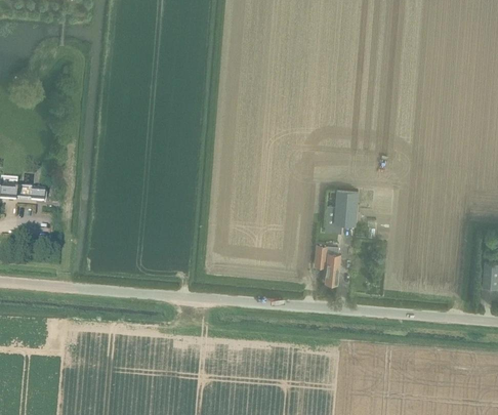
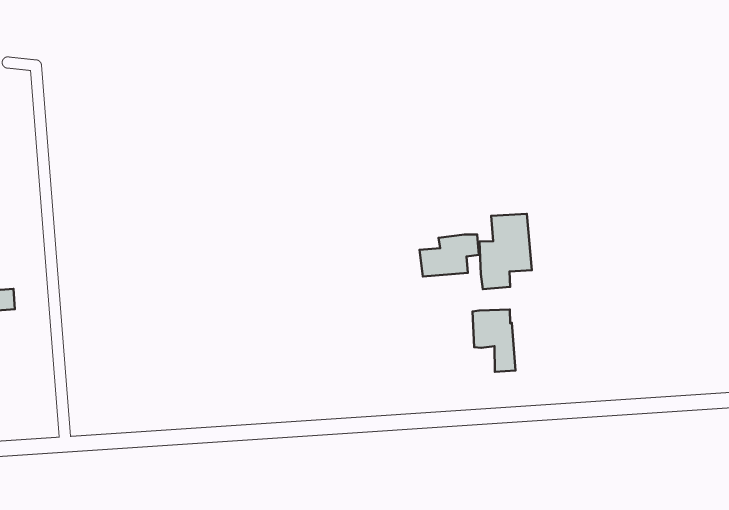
building: none -> [420,234,479,277]

